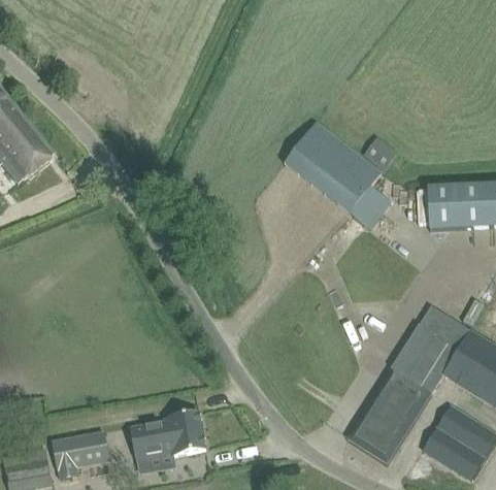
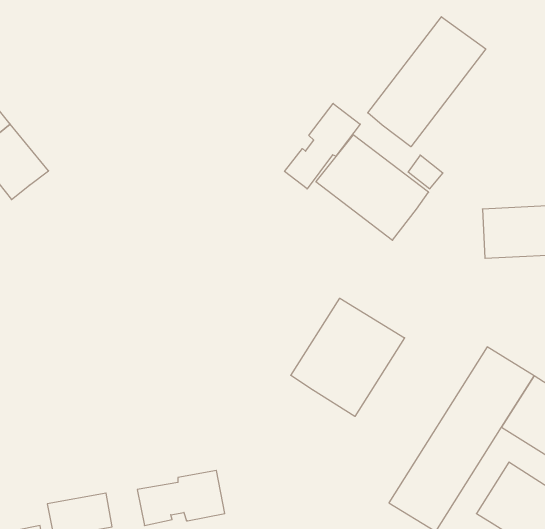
building: none -> [368,17,486,147]
building: none -> [285,103,360,189]
building: [350,187,390,229] -> none
building: none -> [291,298,405,416]

